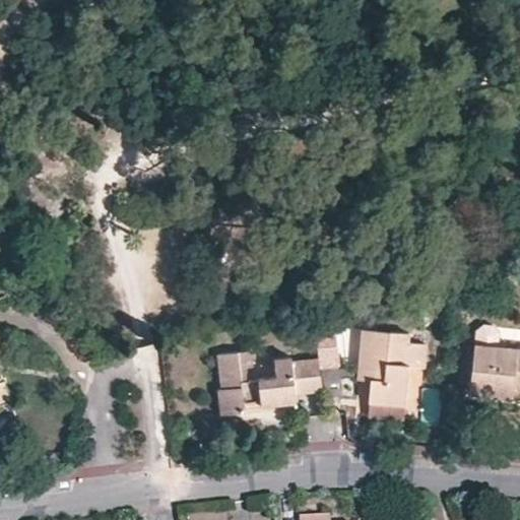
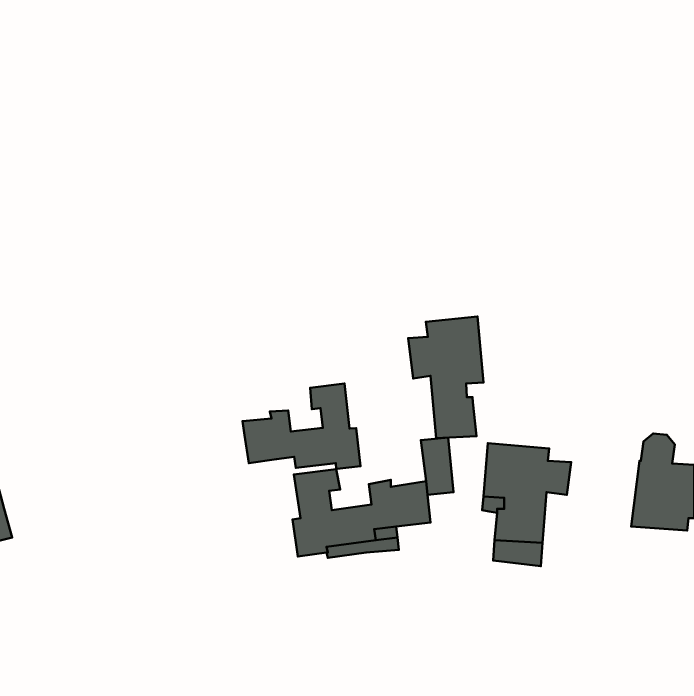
building: none -> [408,317,484,438]
building: none -> [242,384,361,469]

